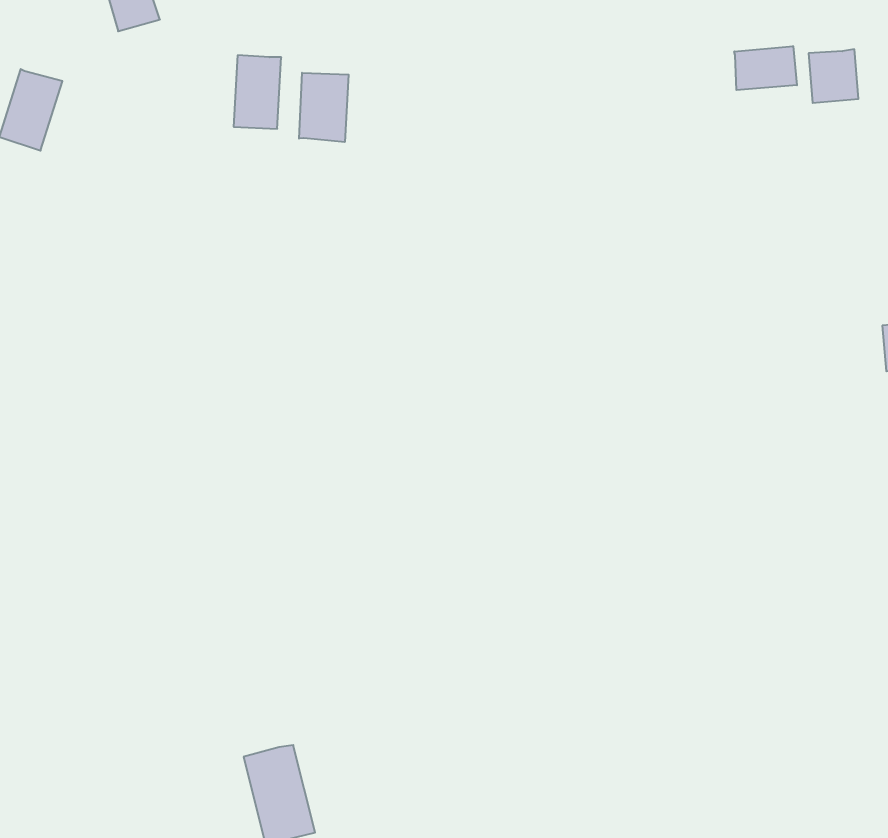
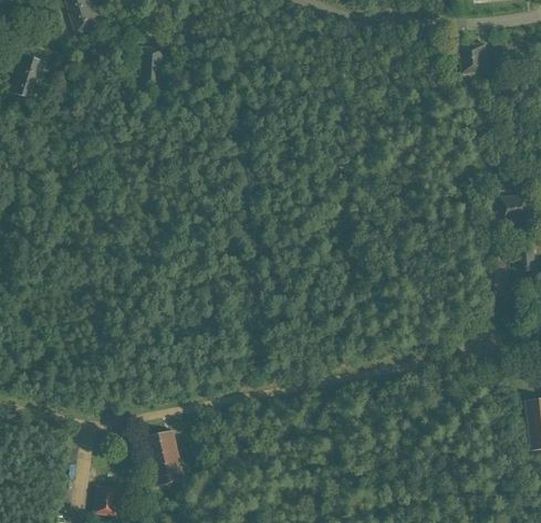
building: [734,46,797,90] -> none
building: [299,73,349,142] -> none

